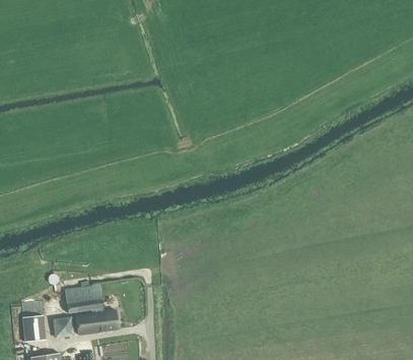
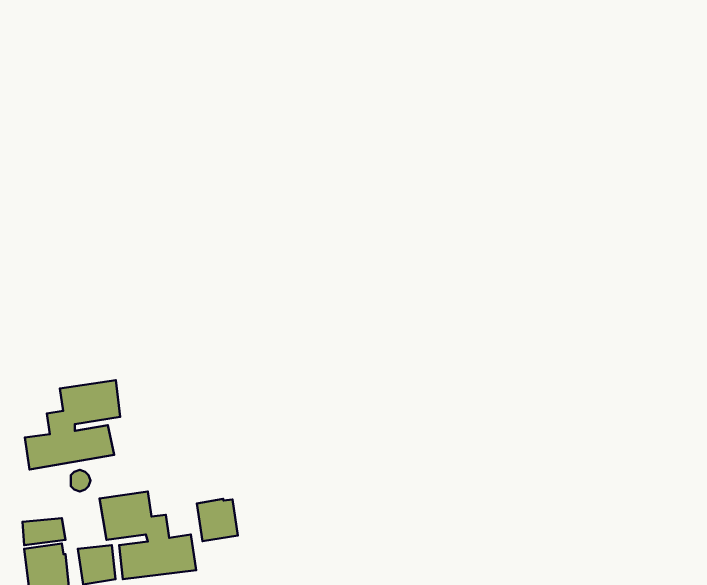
building: none -> [25,380,120,469]
building: none -> [197,499,238,541]

